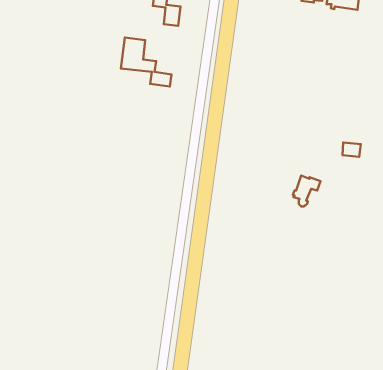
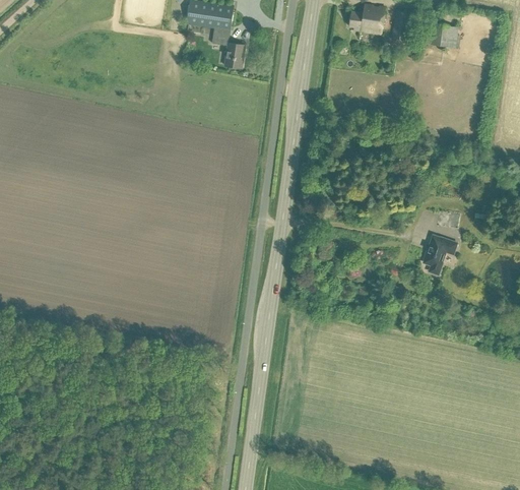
building: [121,37,172,86] -> none
building: [293,175,320,207] -> [422,235,456,272]

